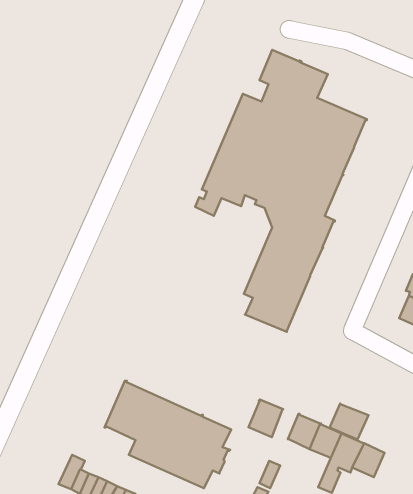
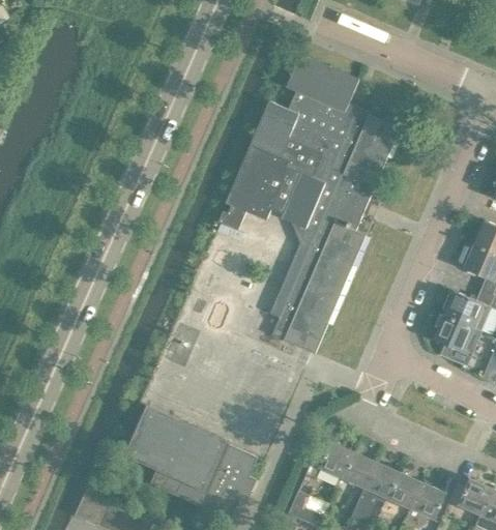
building: [249,399,283,437] -> none
building: [329,404,368,440] -> none
building: none -> [408,482,443,520]

